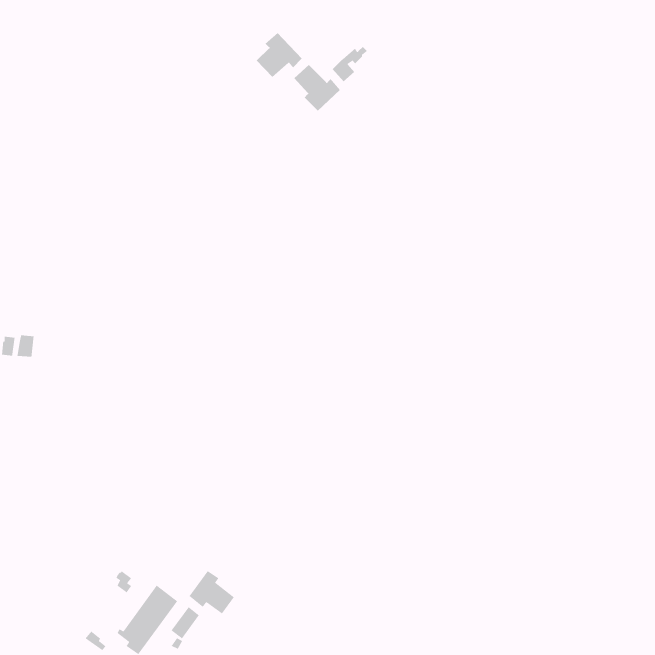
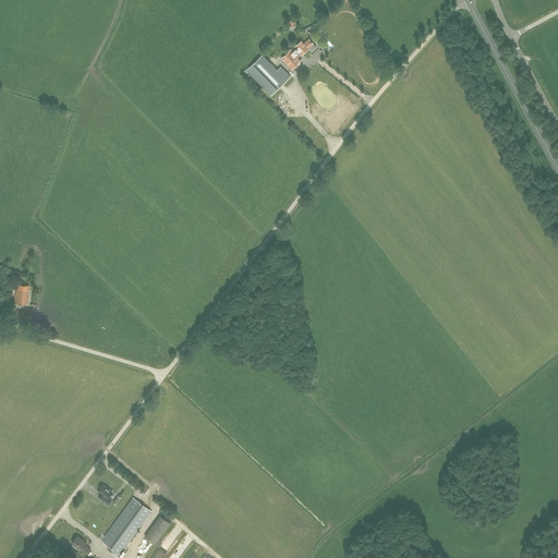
building: [256,32,302,78] -> none
building: [188,570,235,615] -> none

